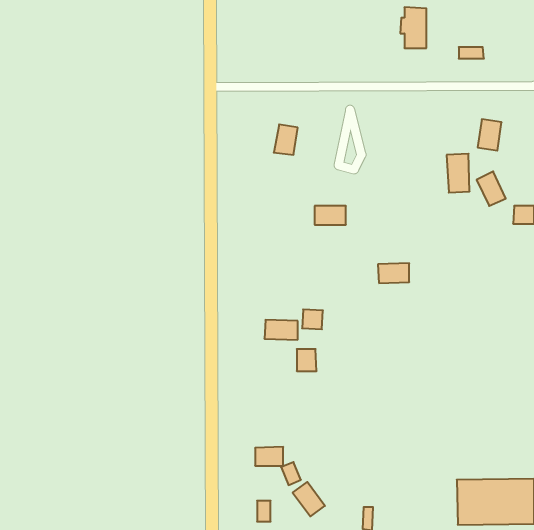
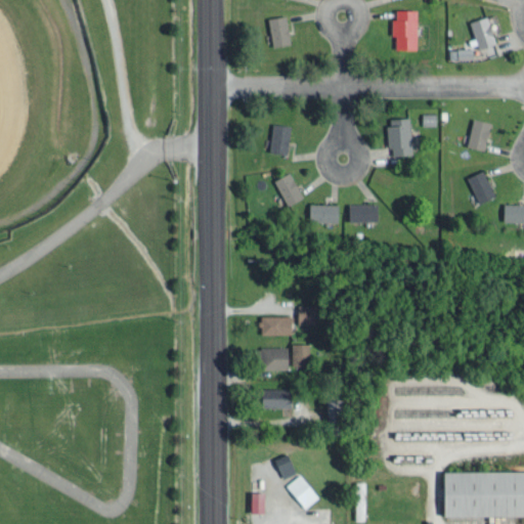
building: none -> [268,17,292,48]
building: none -> [472,18,494,50]
building: [447,154,470,193] -> [389,120,411,158]
building: none -> [275,174,303,208]
building: [378,263,409,283] -> [348,205,379,224]
building: none -> [261,349,290,372]
building: [255,447,283,466] -> [265,391,293,409]

